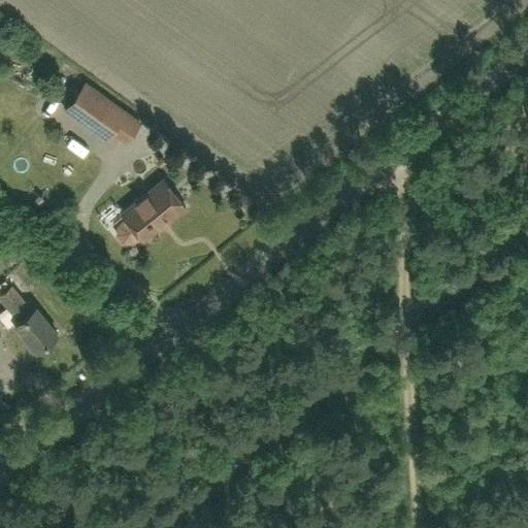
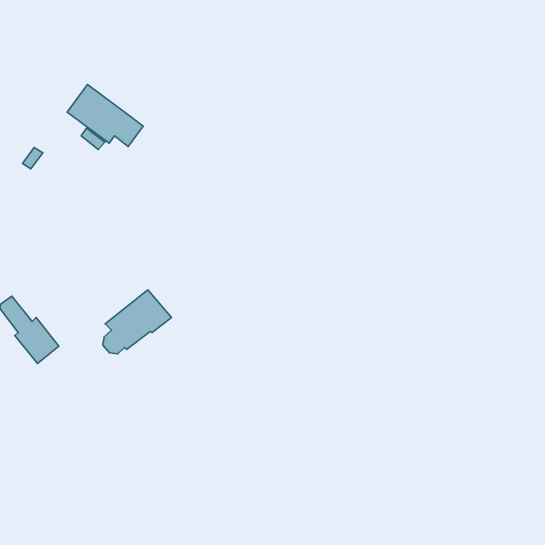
building: [121,182,187,243] -> [103,290,171,354]

